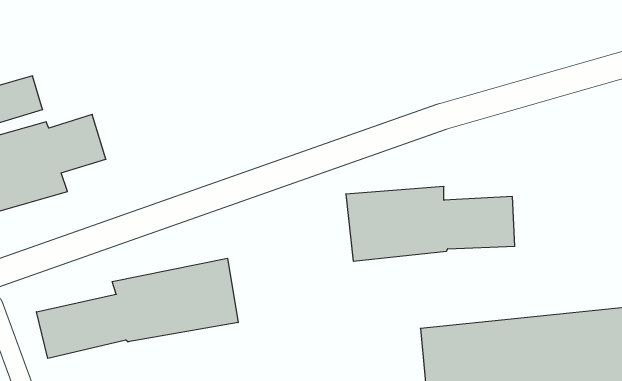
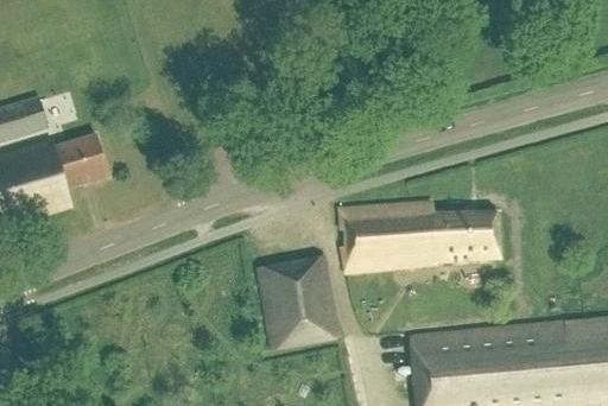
building: none -> [258,256,338,350]
building: [36,258,238,358] -> none

